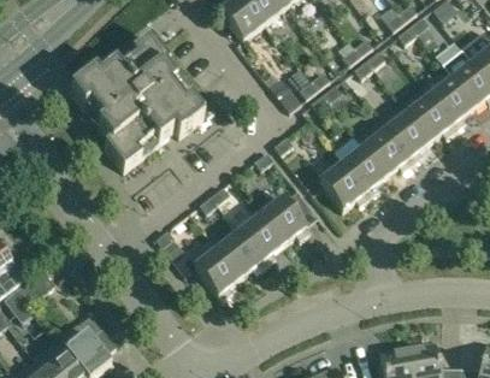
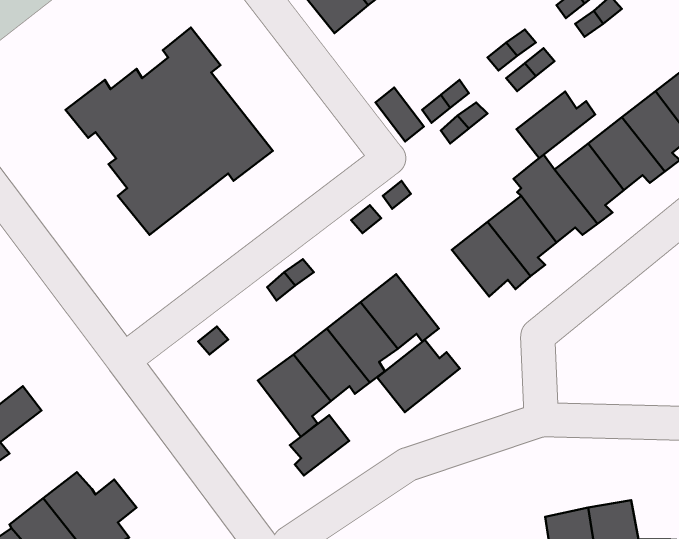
building: none -> [516,91,595,158]
building: none -> [377,340,460,412]
building: none -> [290,415,349,476]

